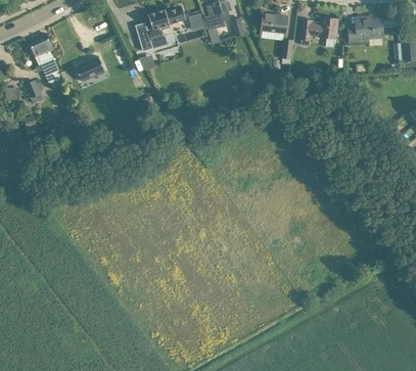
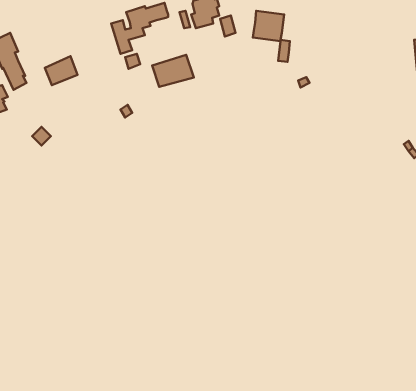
building: [301,17,337,47] -> none
building: [349,17,382,42] -> none
building: none -> [152,55,194,87]

